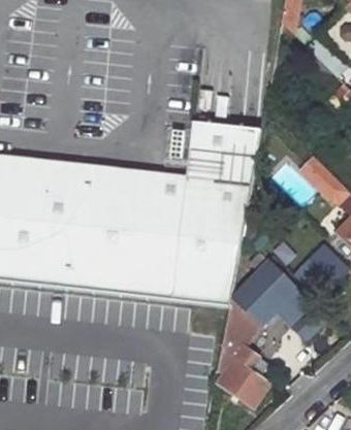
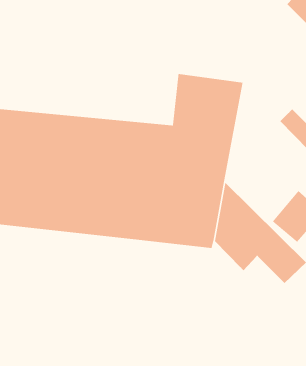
building: [216,295,270,406] -> none

